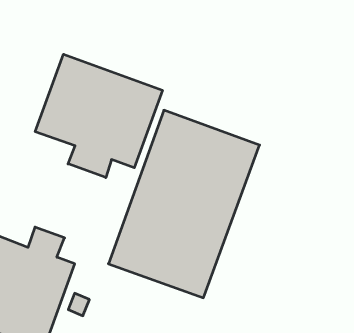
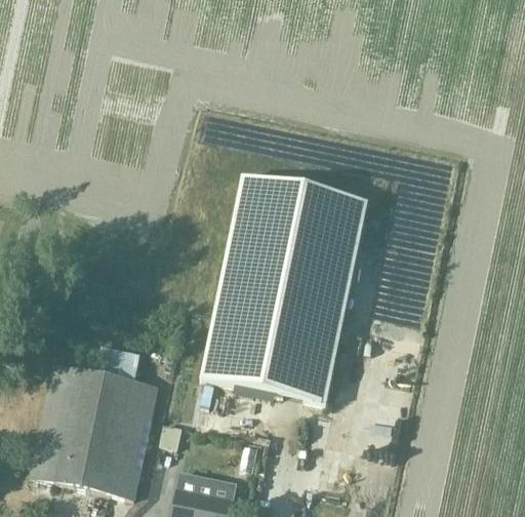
building: [35,54,162,178] -> none

